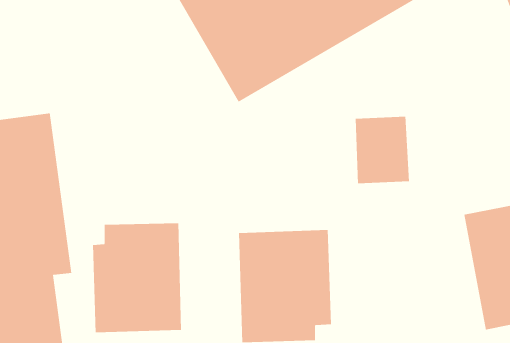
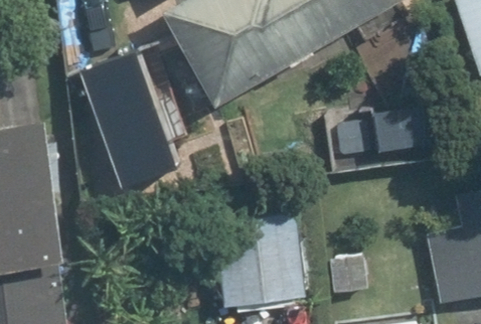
building: none -> [87,68,190,167]
building: [92,222,182,333] -> none

